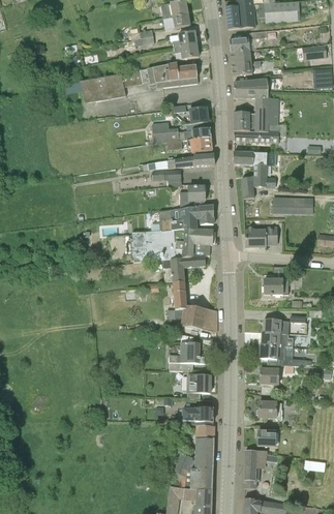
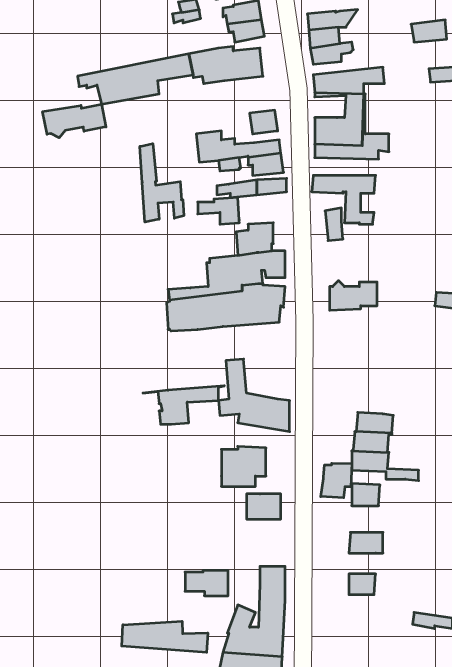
building: none -> [43,104,106,138]
building: none -> [140,144,184,222]
building: [273,196,296,214] -> none
building: [152,254,209,281] -> [143,386,224,424]
building: [264,267,289,294] -> none
building: none -> [321,463,352,498]
building: [182,407,212,425] -> [185,571,228,596]
building: [243,449,278,487] -> none
building: none -> [122,621,208,652]

